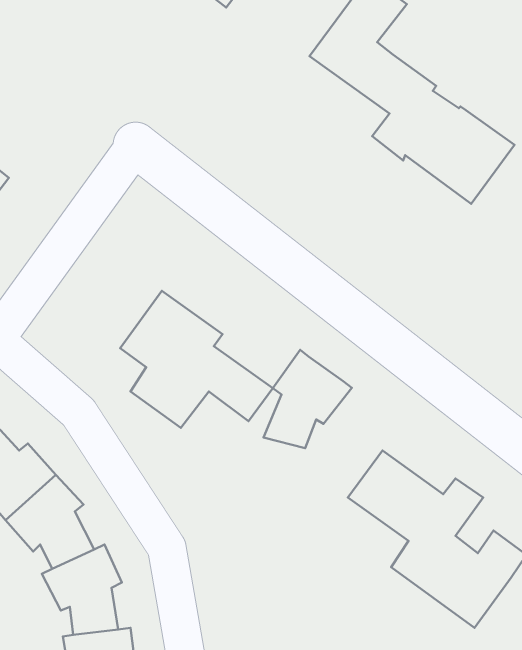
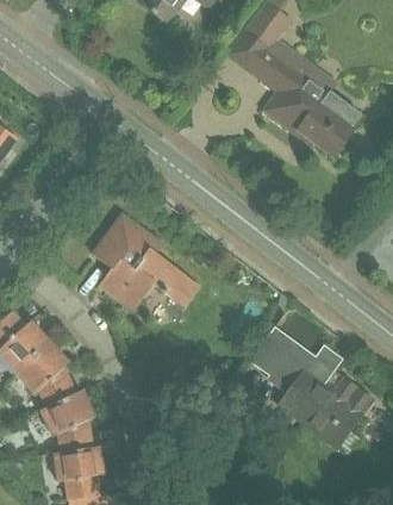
building: [263,350,352,448] -> none

